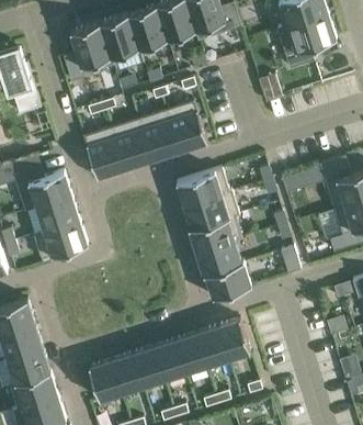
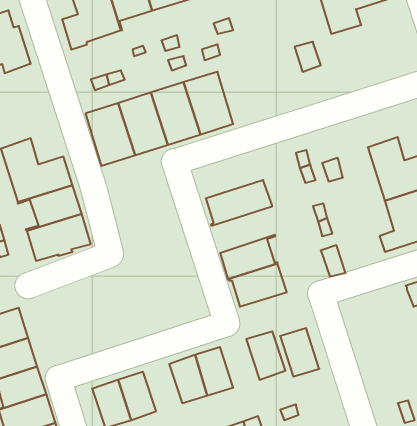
building: [175,169,231,208] -> none
building: [188,214,241,254] -> none
building: [195,326,228,367] -> [280,328,319,377]
building: [131,347,163,387] -> none

